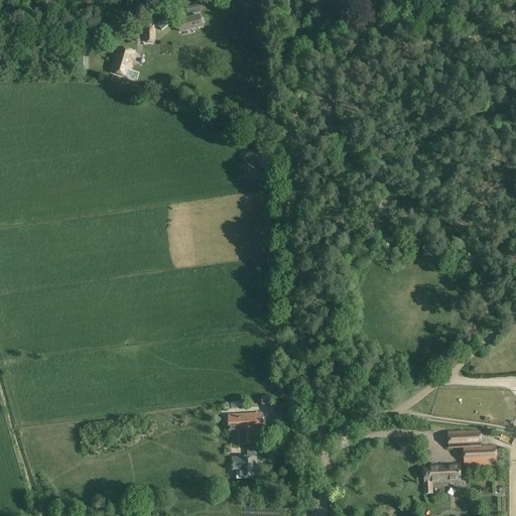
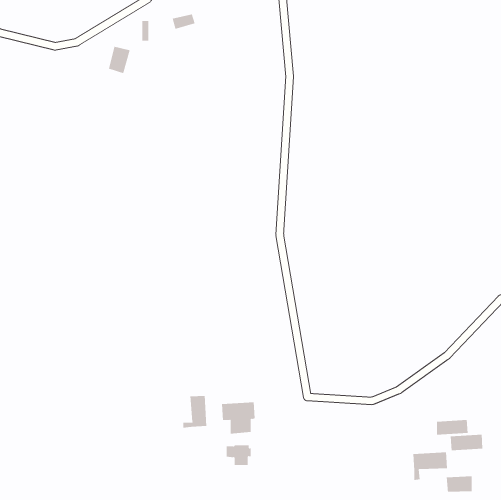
building: none -> [183,395,207,428]
building: none -> [446,475,472,493]

